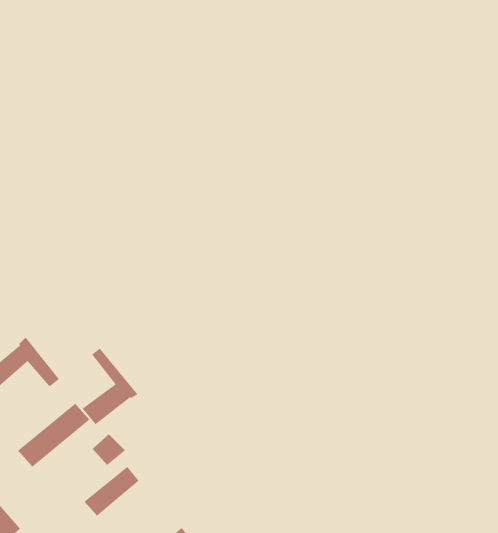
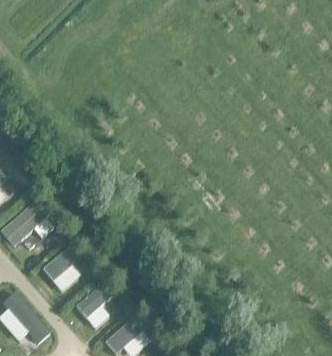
building: [81,348,139,425] -> none

